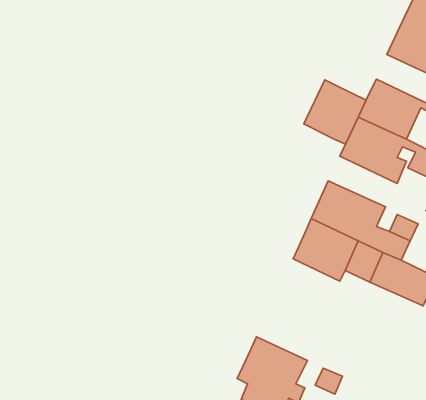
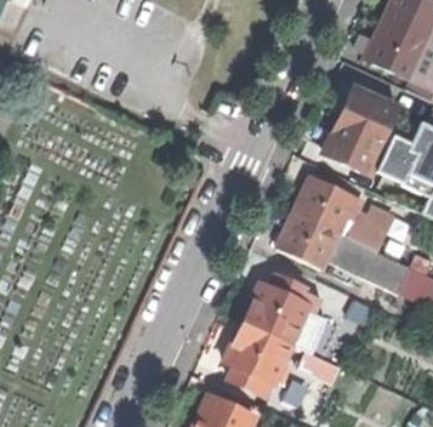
building: [304,80,366,144] -> none
building: none -> [243,277,308,345]

